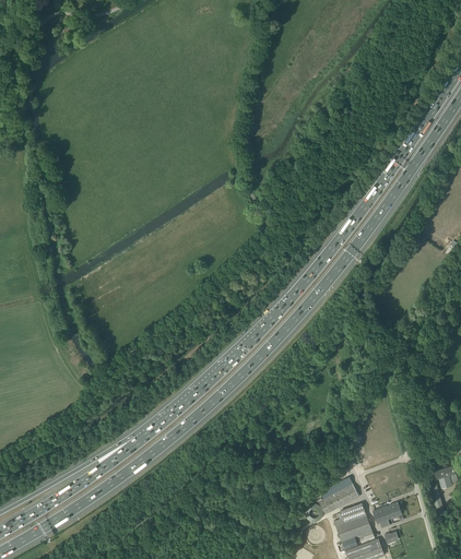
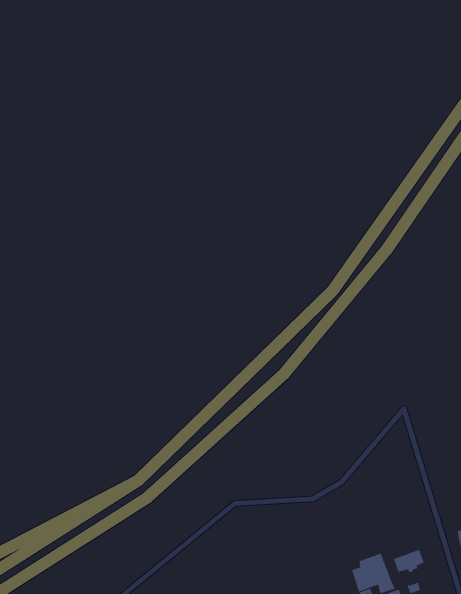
building: [319,479,359,515] -> none

